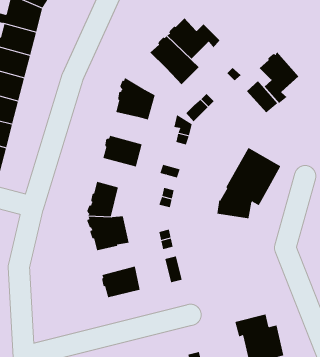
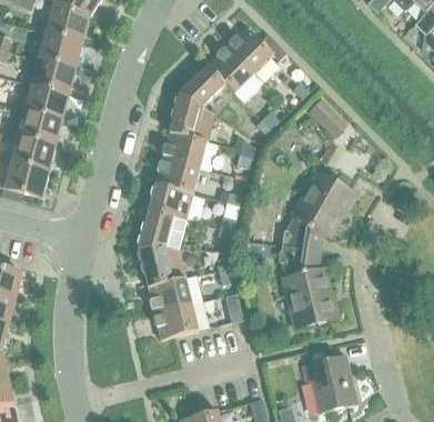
building: [259,51,299,104] -> none
building: none -> [180,66,225,107]
building: none -> [162,132,206,168]
building: none -> [149,183,193,220]
building: none -> [279,245,336,328]
building: none -> [149,278,192,313]

